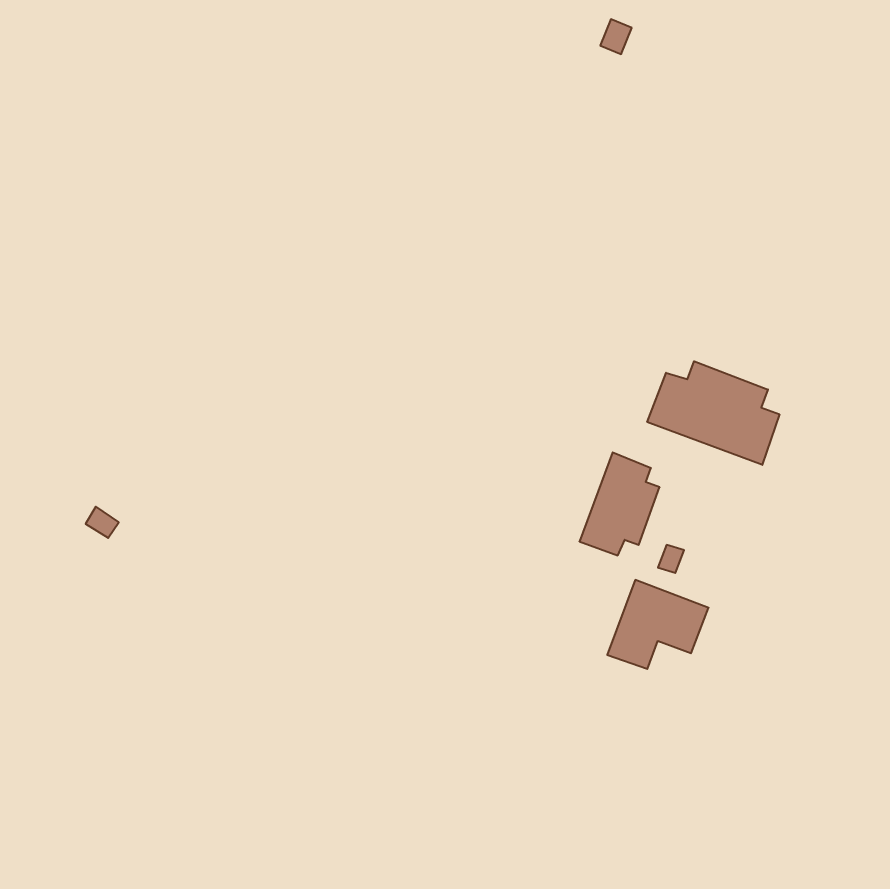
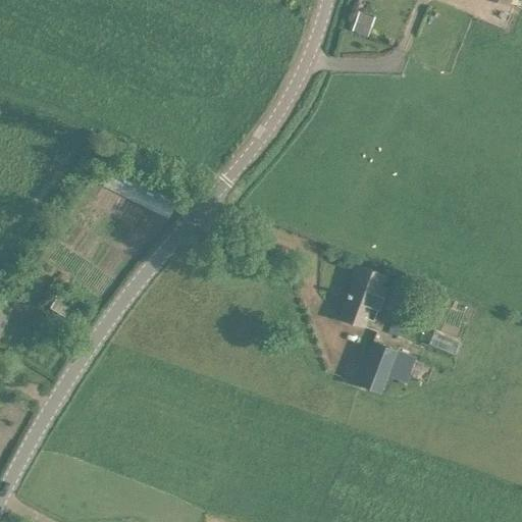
building: [647,361,779,465] -> none

